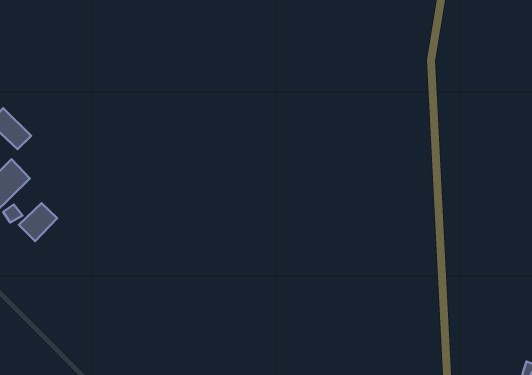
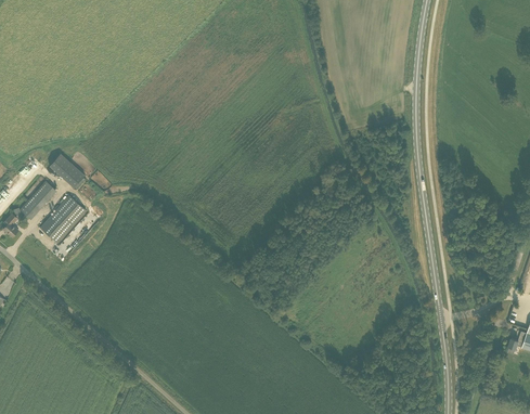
building: [19,203,57,241] -> none

